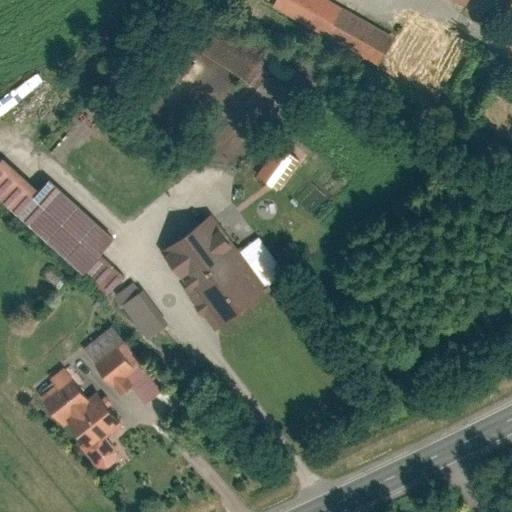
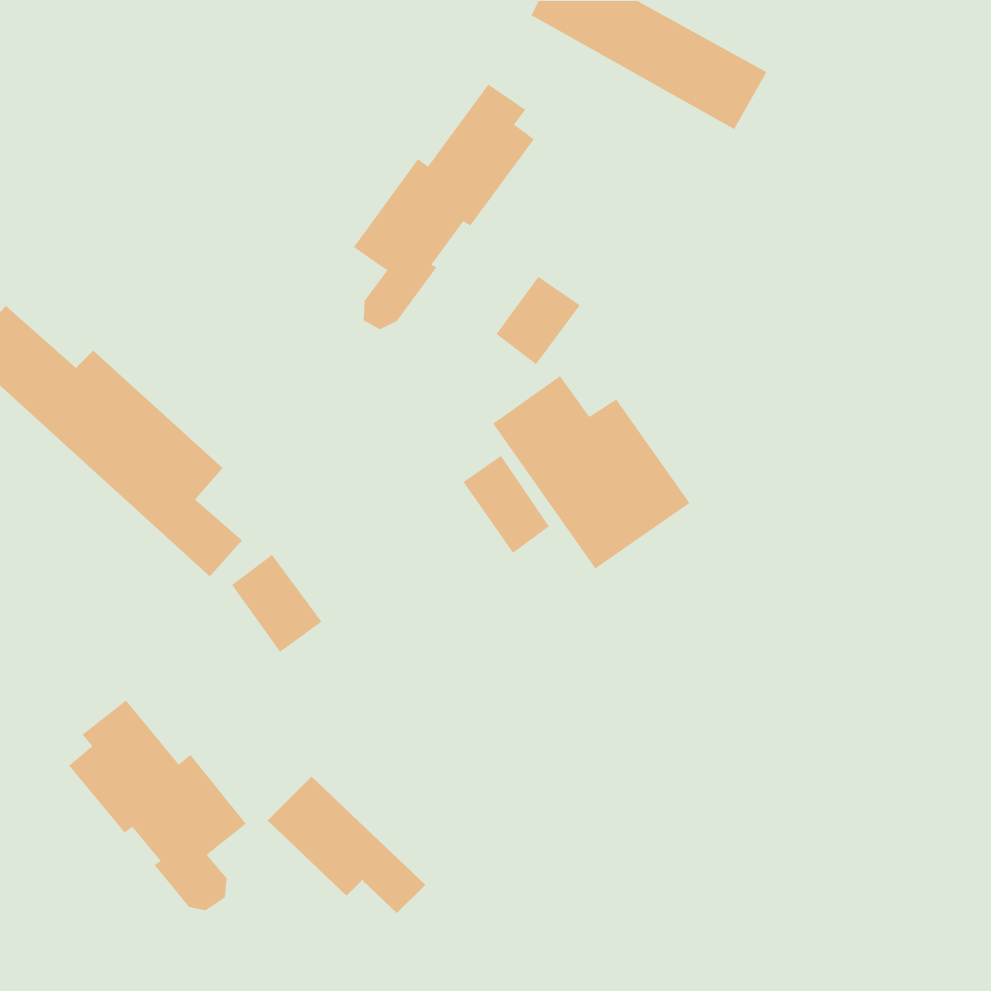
building: none -> [353,84,535,330]
building: [164,226,266,326] -> [492,375,690,569]
building: [78,331,160,402] -> [267,776,426,914]

